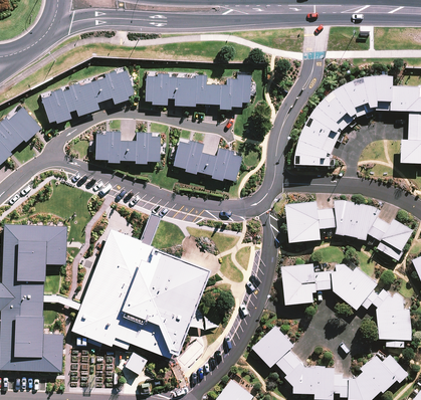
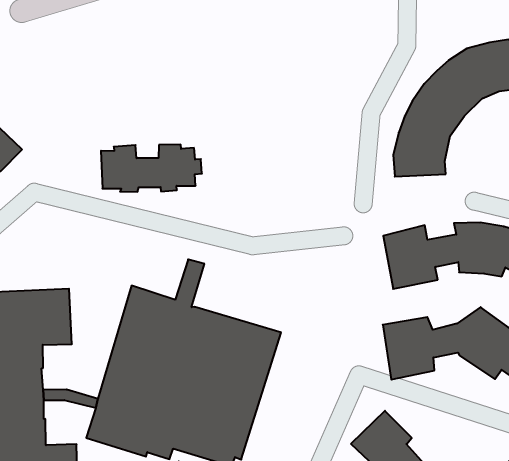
building: [41,70,134,124] -> none
building: [144,73,250,110] -> none
building: [172,140,241,181] -> none

